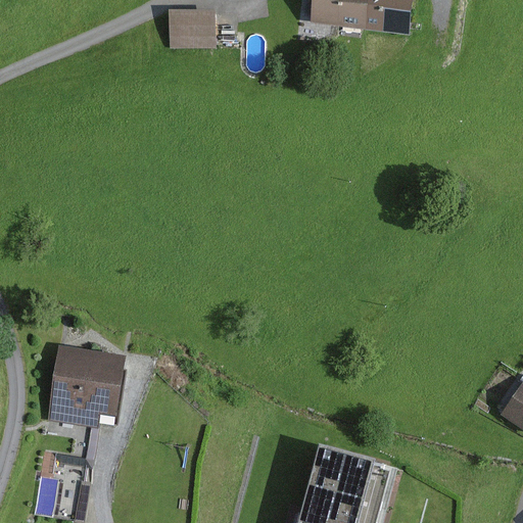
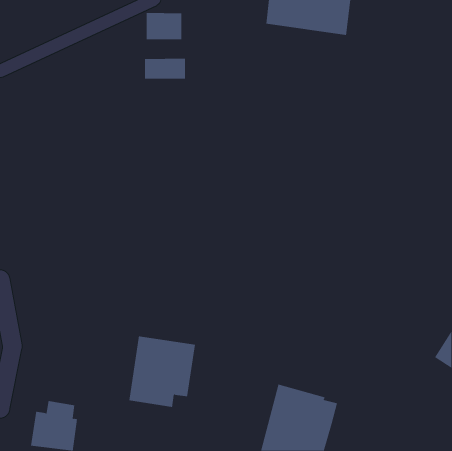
building: none -> [145,58,186,80]
building: [48,345,126,428] -> [129,336,196,407]

